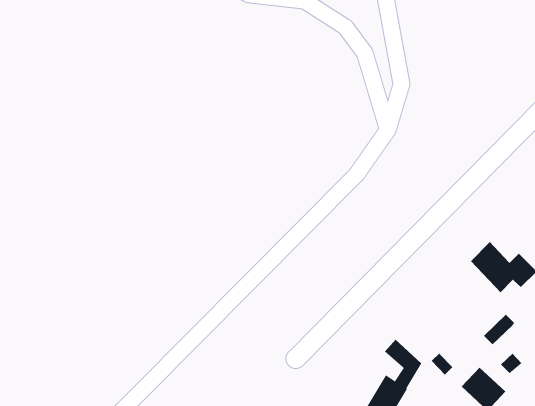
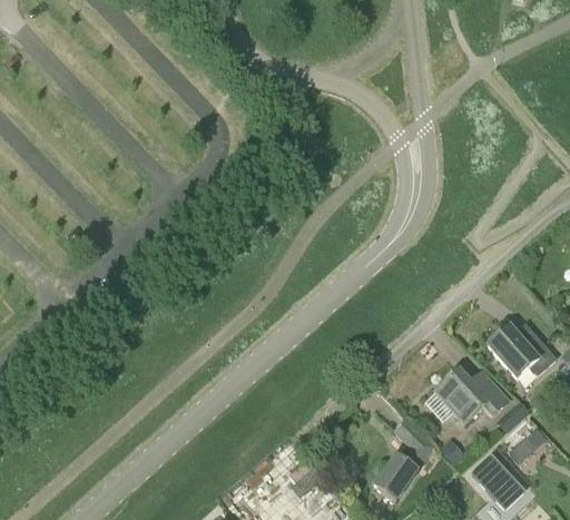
building: none -> [435,370,509,423]

